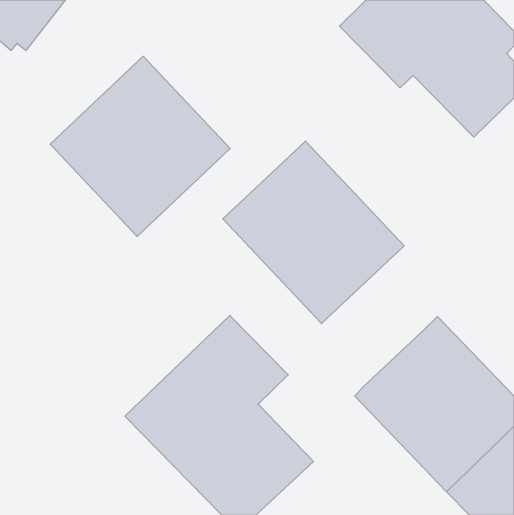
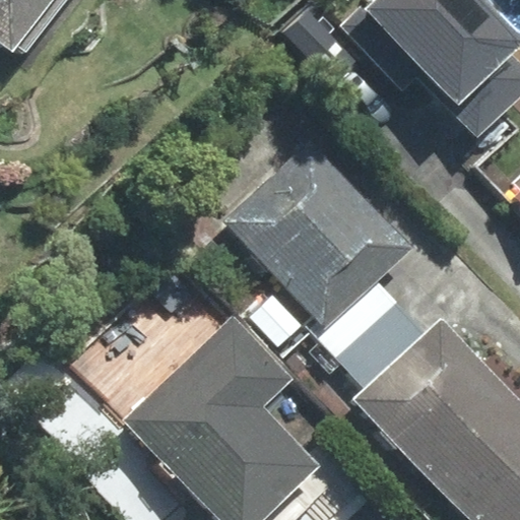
building: [50,56,230,237] -> none
building: none -> [314,279,426,390]

